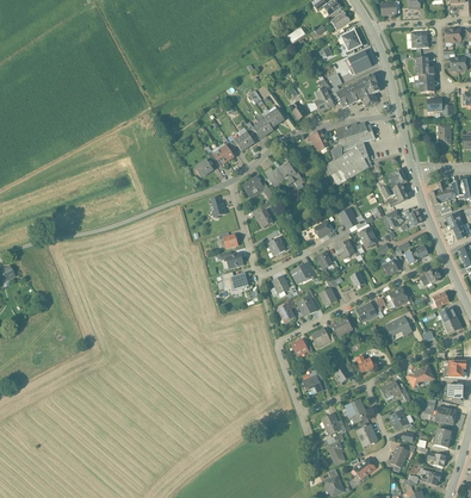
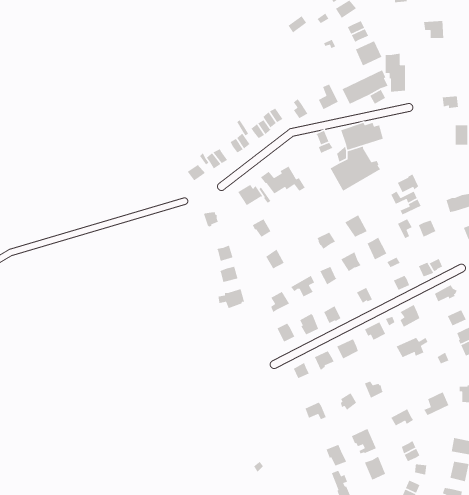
building: [415,56,434,92] -> [385,53,406,92]

